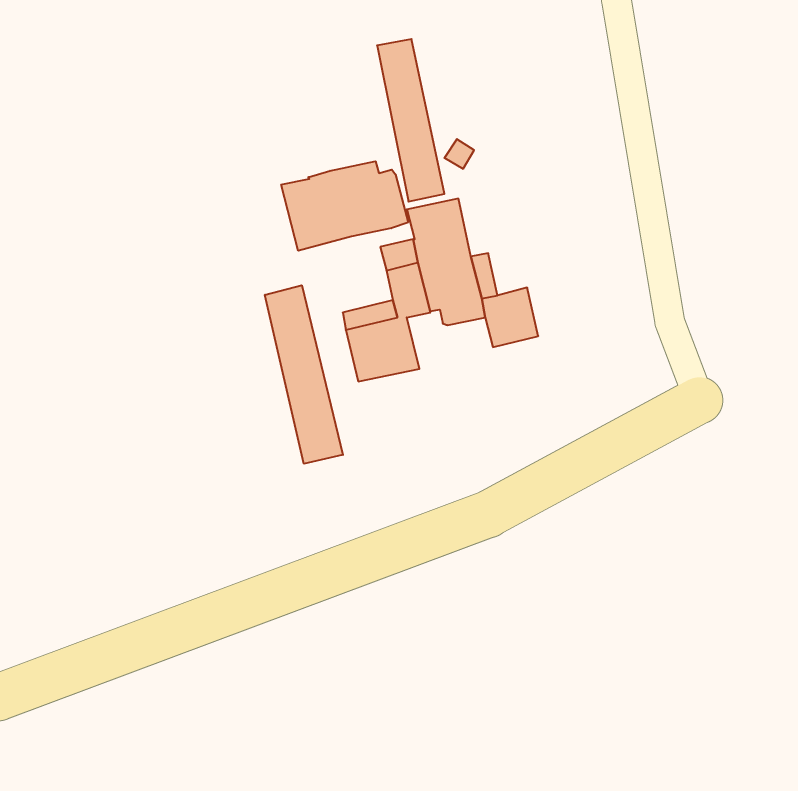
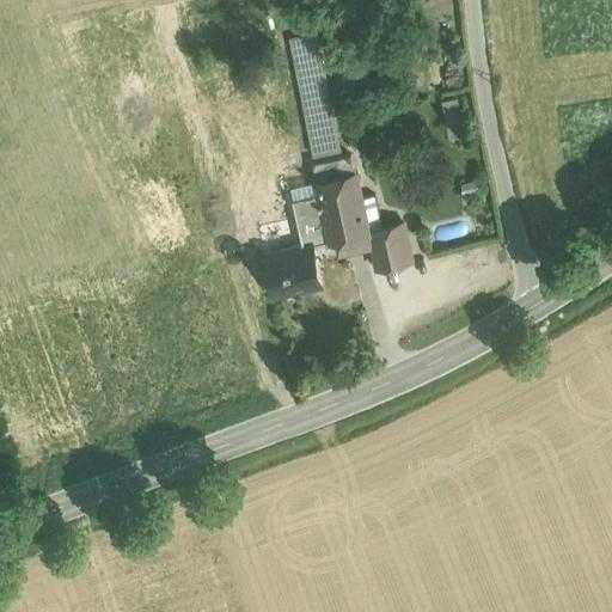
building: [281,161,408,251] -> none
building: [265,285,343,464] -> none

